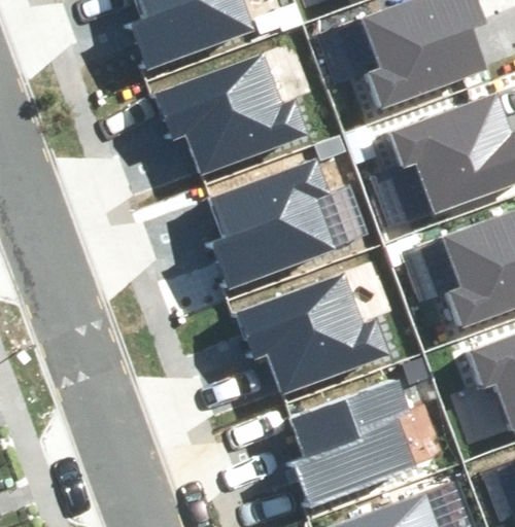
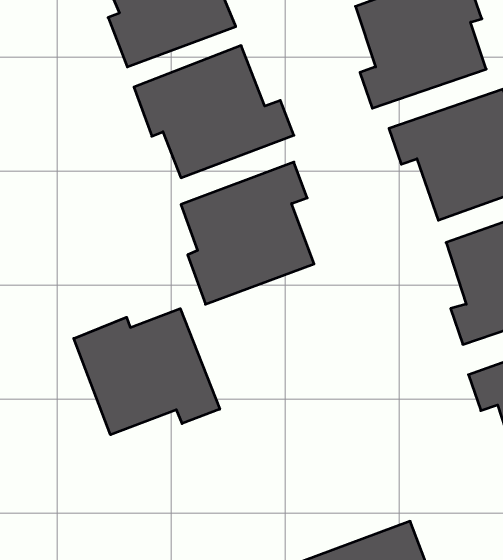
building: [234,273,381,394] -> none
building: none -> [74,309,220,435]
building: [290,380,413,511] -> none

